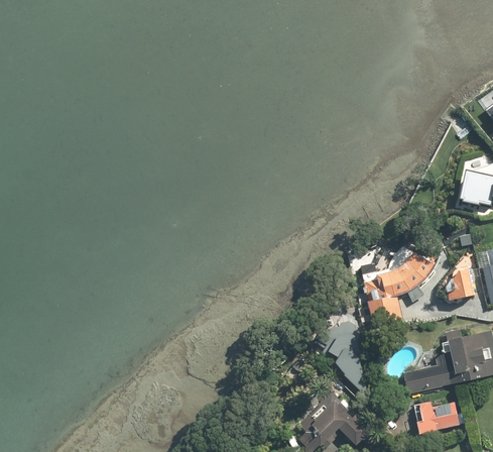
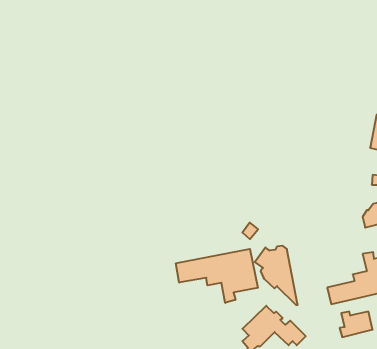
building: [365,252,437,324] -> none
building: none -> [176,249,258,303]

